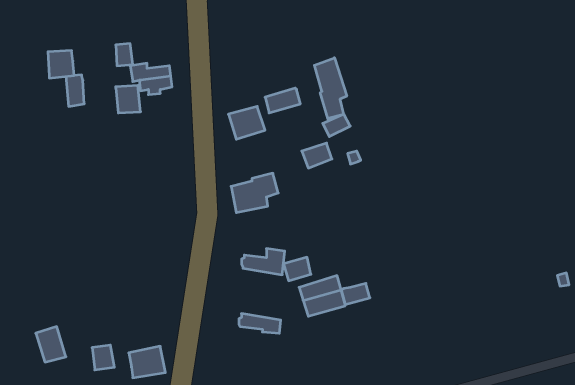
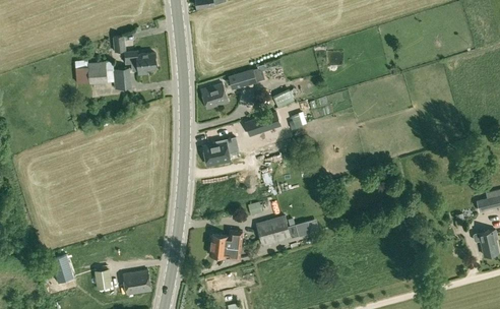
building: [48,51,74,78] -> [87,63,108,84]
building: [314,58,347,119] -> none
building: [242,249,285,275] -> [209,230,243,250]

